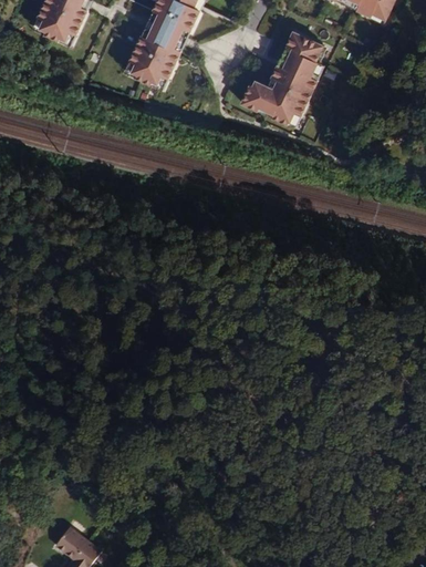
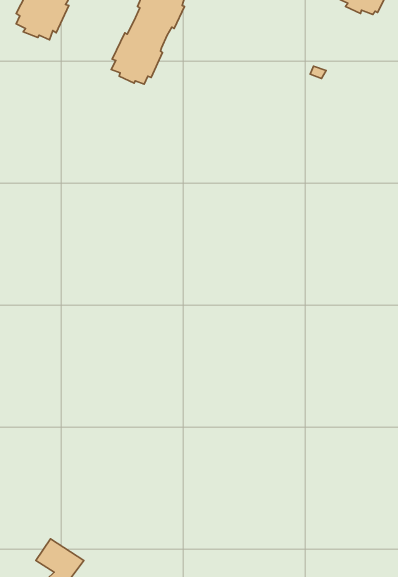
building: [240,31,321,124] -> none

